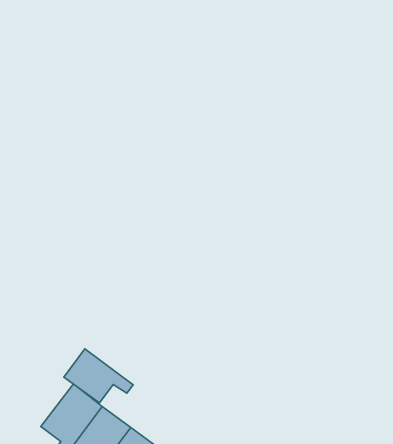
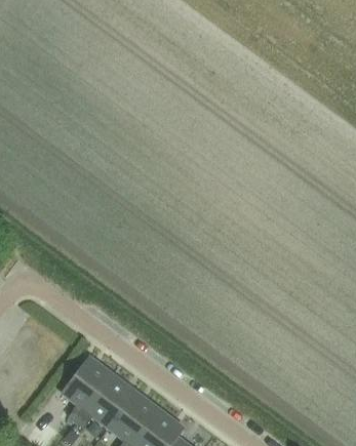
building: [64,349,133,403] -> none

